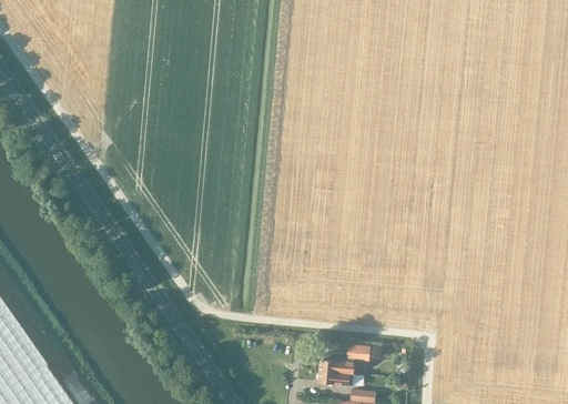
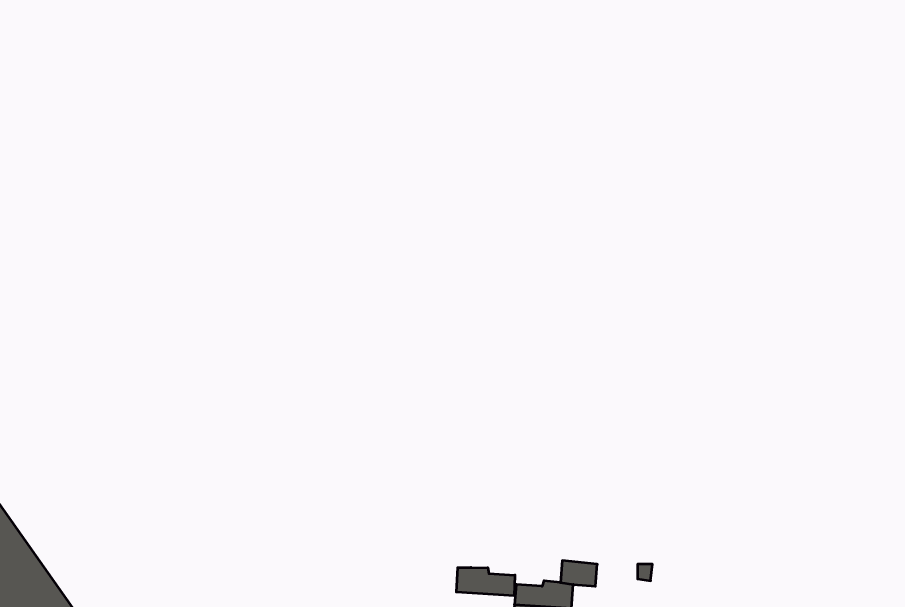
building: none -> [456,567,515,596]

